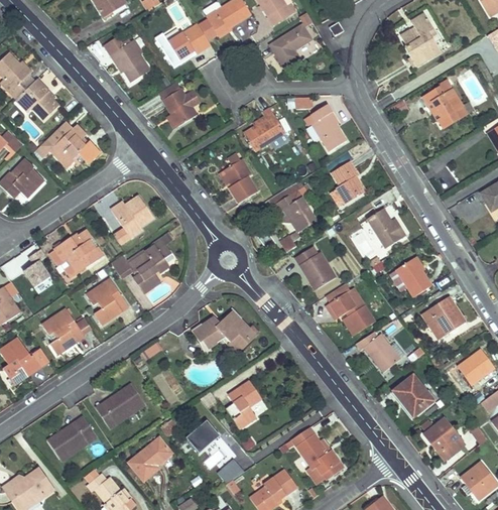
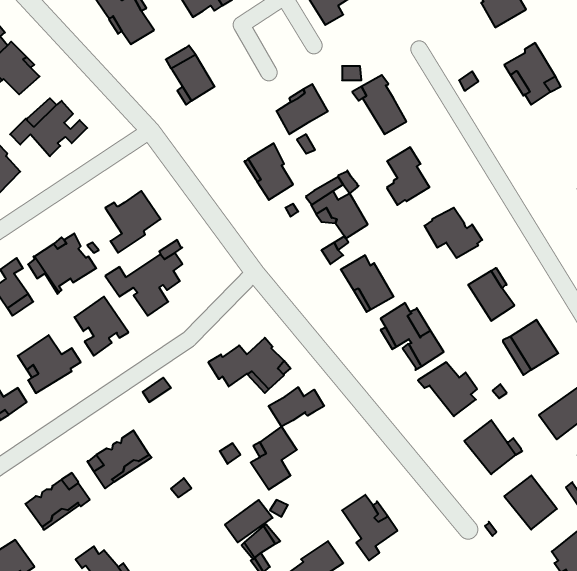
building: none -> [269,387,324,427]
building: [188,420,221,454] -> none
building: [128,436,173,481] -> none

